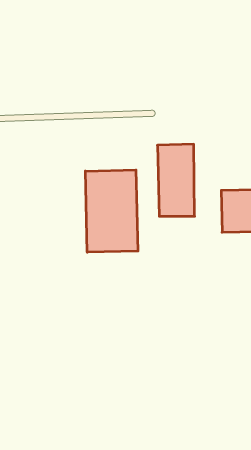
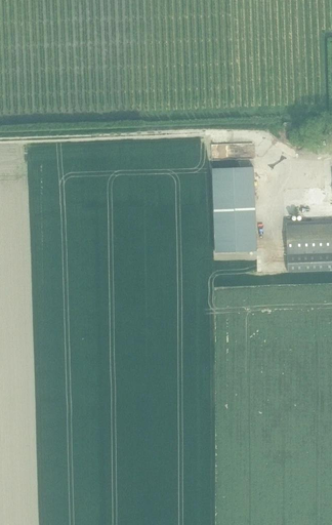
building: [85,170,138,252] -> none

